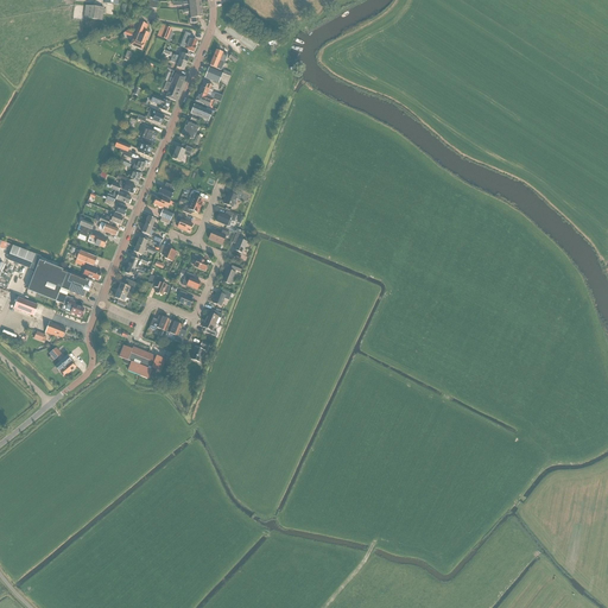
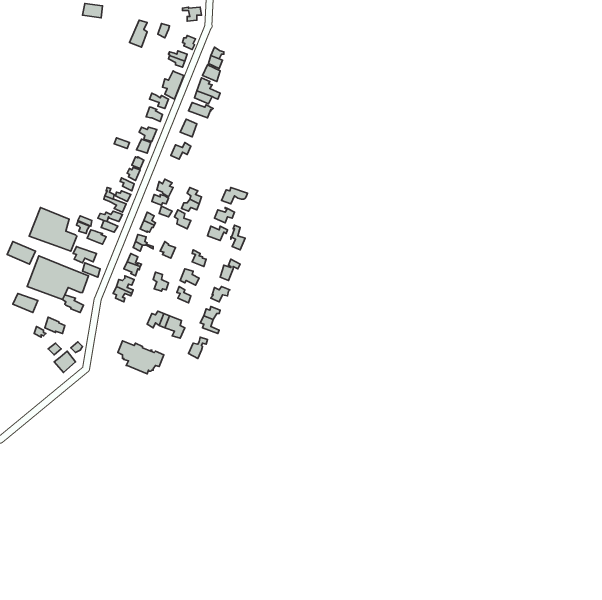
building: none -> [29,208,77,251]

